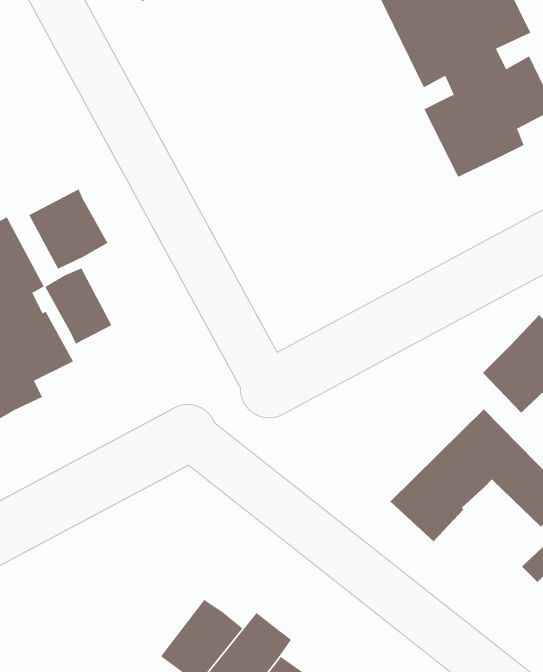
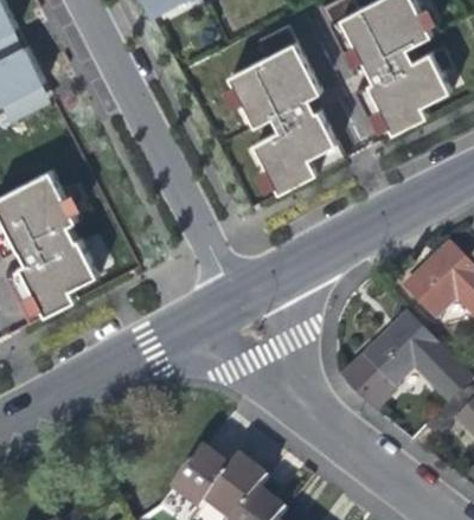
building: none -> [230,26,347,194]
building: [29,188,108,269] -> none
building: [45,268,112,344] -> none

